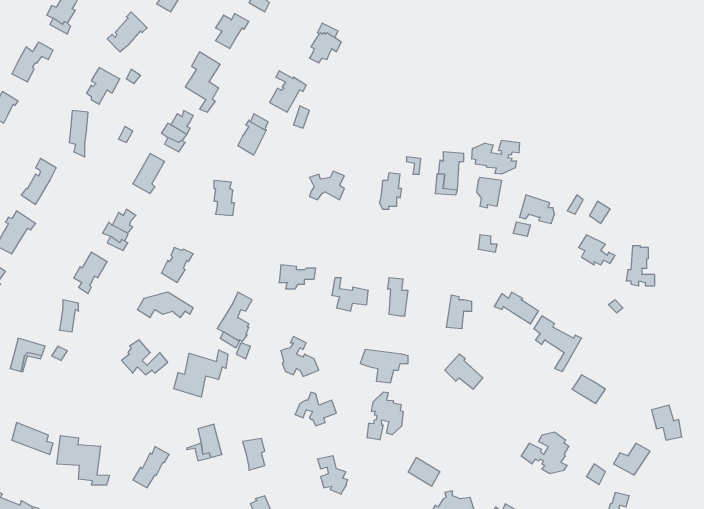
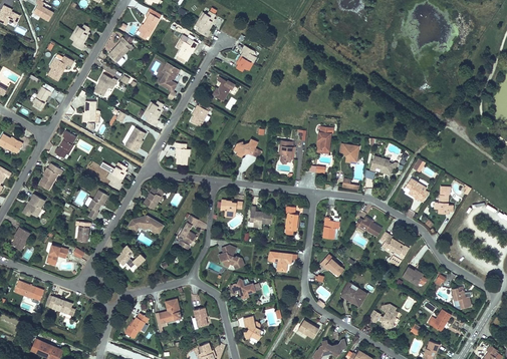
building: [472,140,520,174] -> none
building: [174,350,228,397] -> none
building: [367,392,403,440] -> none
building: none -> [340,282,368,307]
building: [57,435,109,485] -> none

